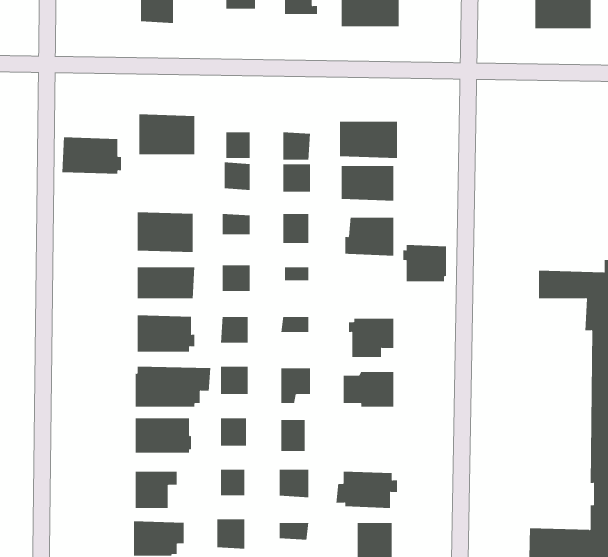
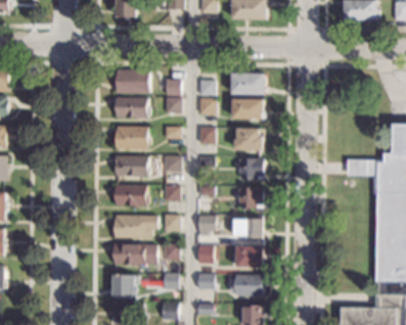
building: [61,137,122,174] -> [115,97,149,119]
building: [402,245,447,282] -> [237,157,263,179]
building: none -> [236,246,261,268]

